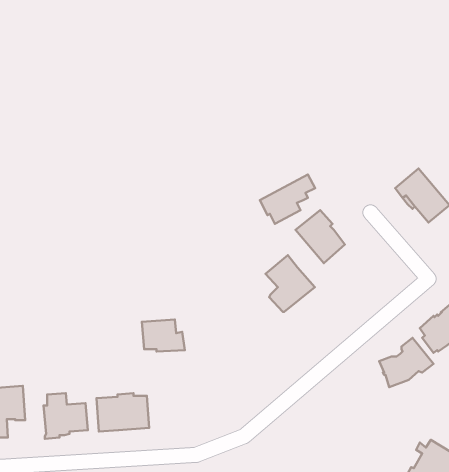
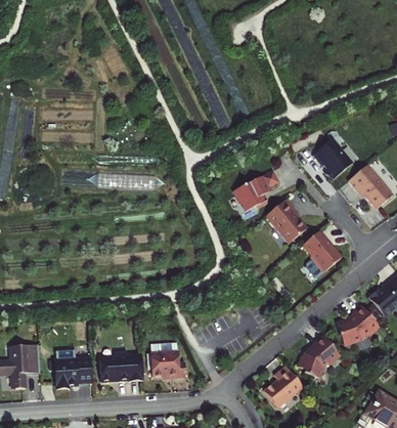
building: none -> [313,138,353,180]
building: [266,255,315,312] -> [301,230,342,277]
building: [142,320,185,351] -> [151,352,187,379]
building: none -> [298,335,340,378]
building: none -> [264,366,303,408]

